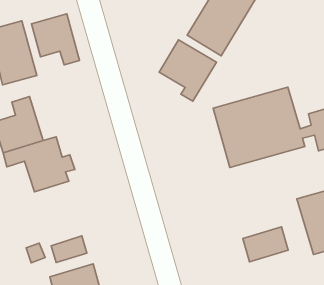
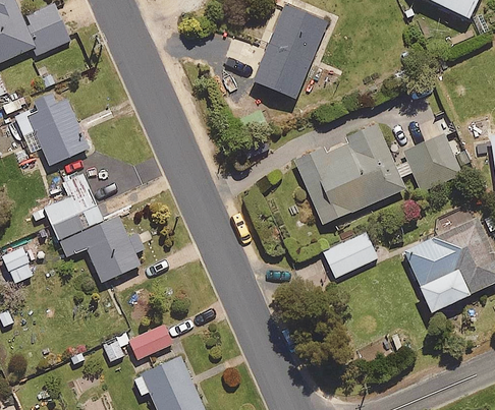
building: [32,14,80,65] -> none
building: [159,40,217,101] -> none
building: [243,227,288,262] -> [323,233,377,278]

